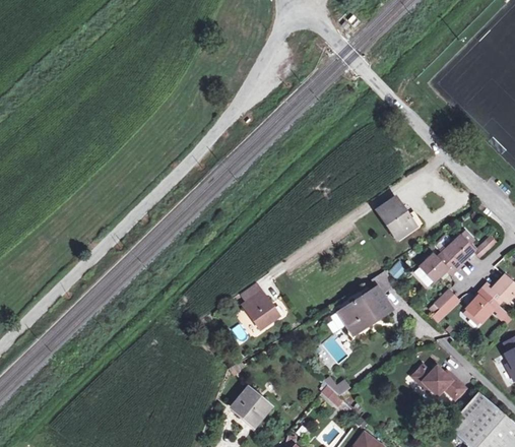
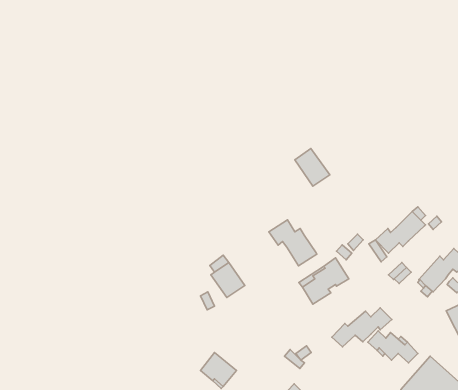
building: [377,197,414,238] -> [295,148,330,186]
building: none -> [269,220,317,266]
building: none -> [332,308,392,347]

